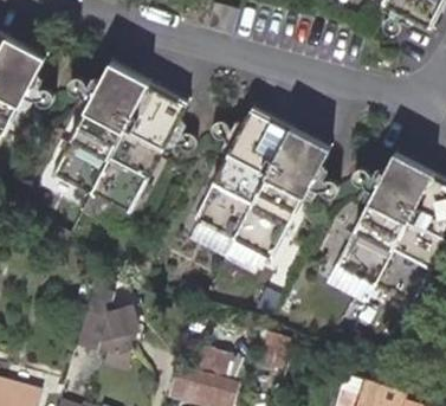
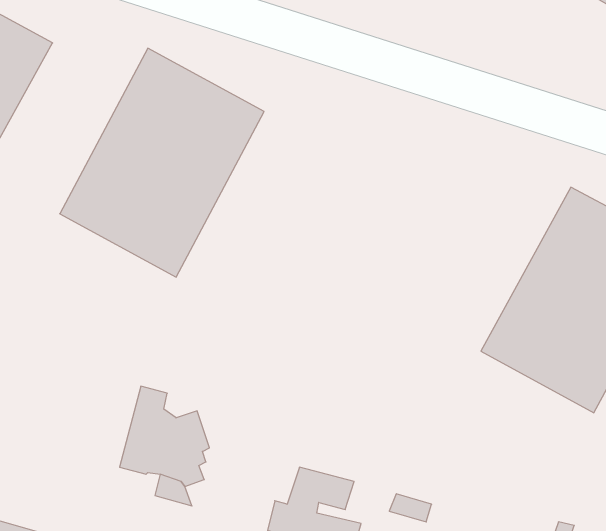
building: [193,109,327,260] -> none

